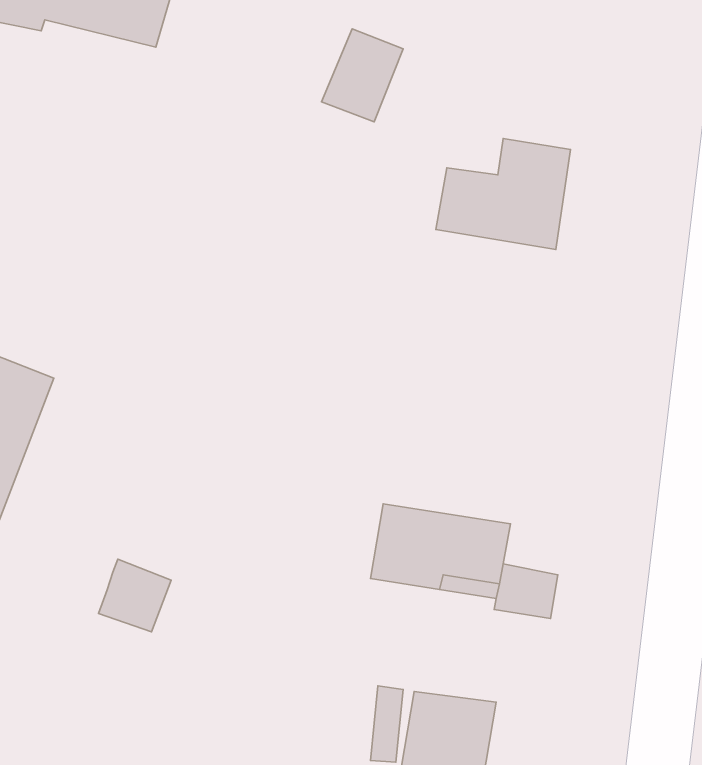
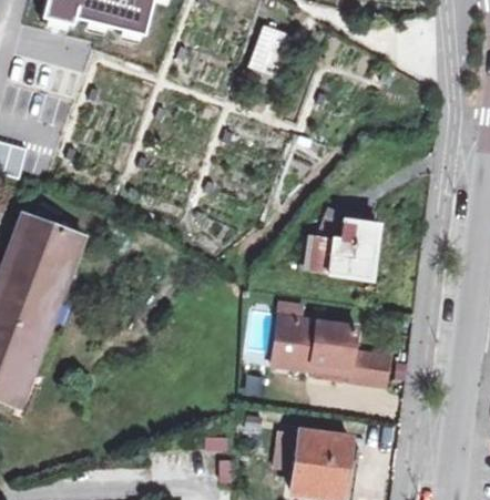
building: [436,139,571,250] -> [303,217,385,285]
building: [98,559,171,632] -> none

